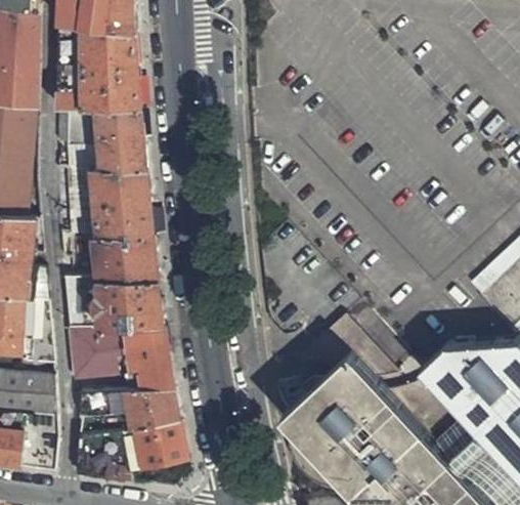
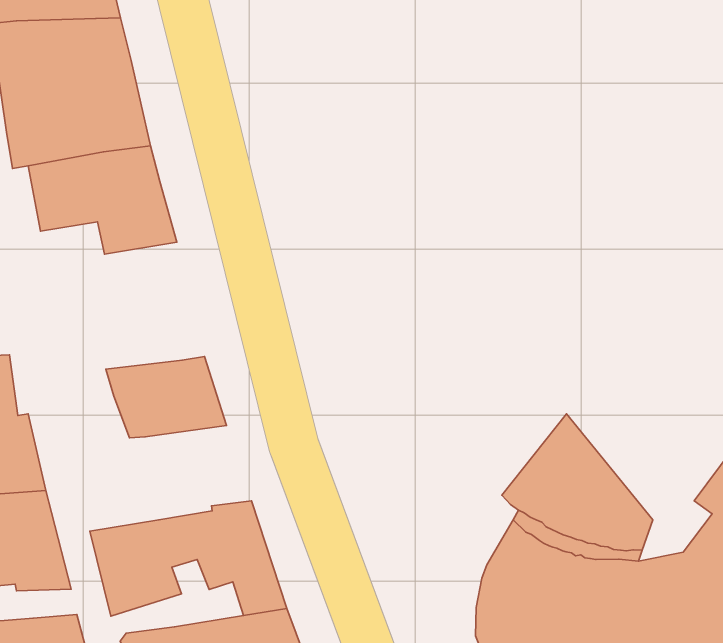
building: [73,169,154,238] -> none
building: [68,277,167,328] -> none

